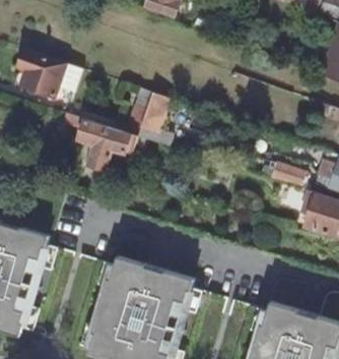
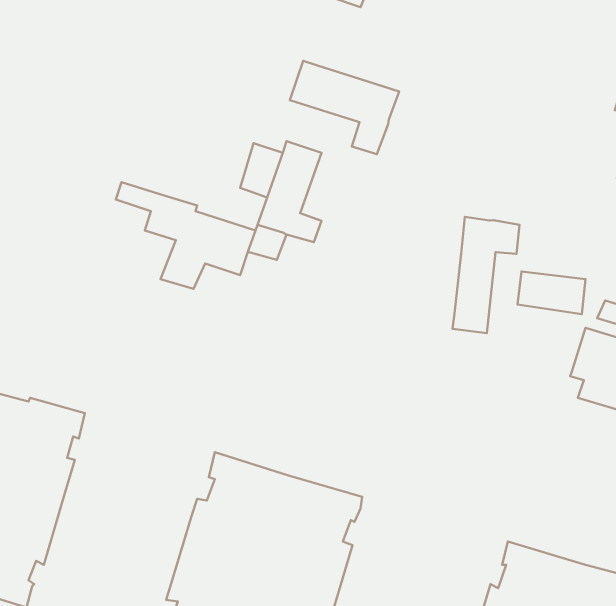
building: [18,48,65,95] -> none
building: none -> [290,61,399,154]
building: none -> [453,217,519,333]

